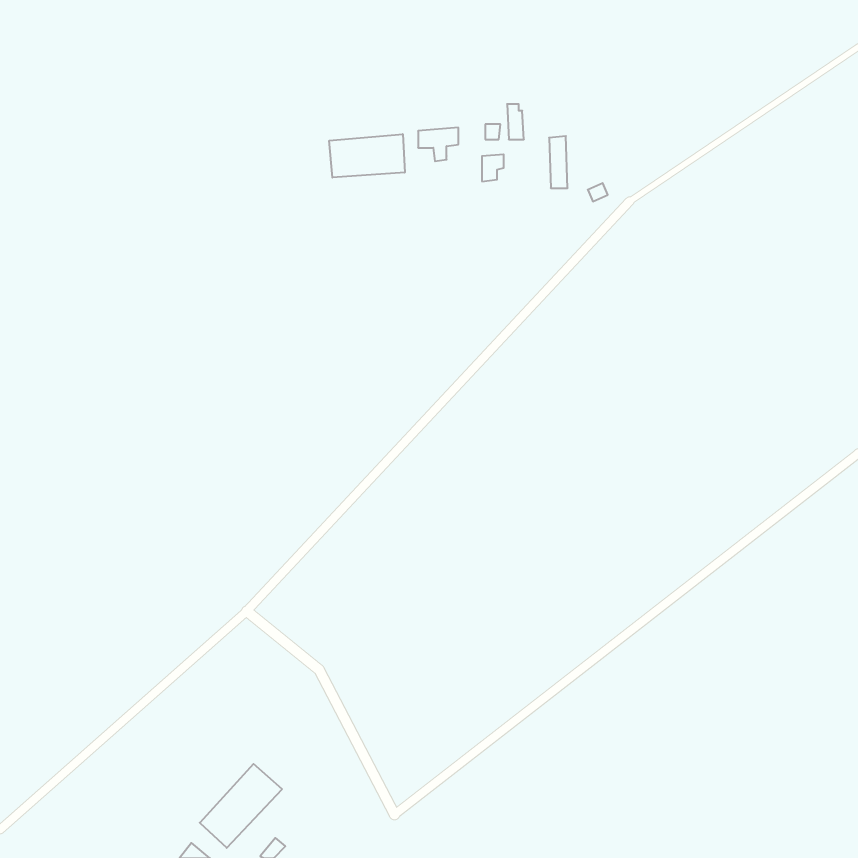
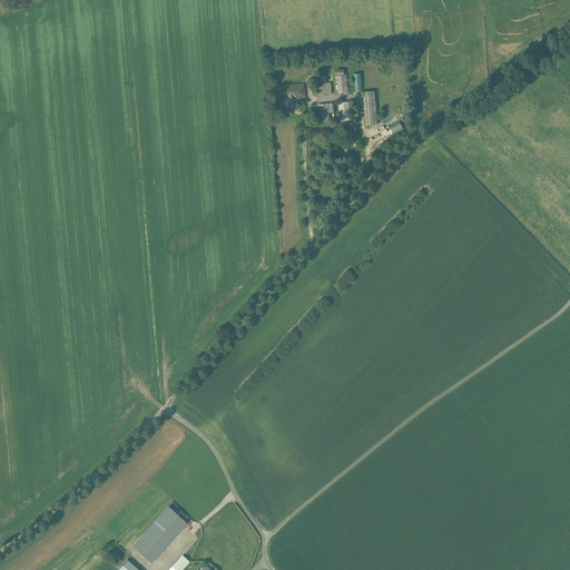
building: [329,134,405,178] -> none

